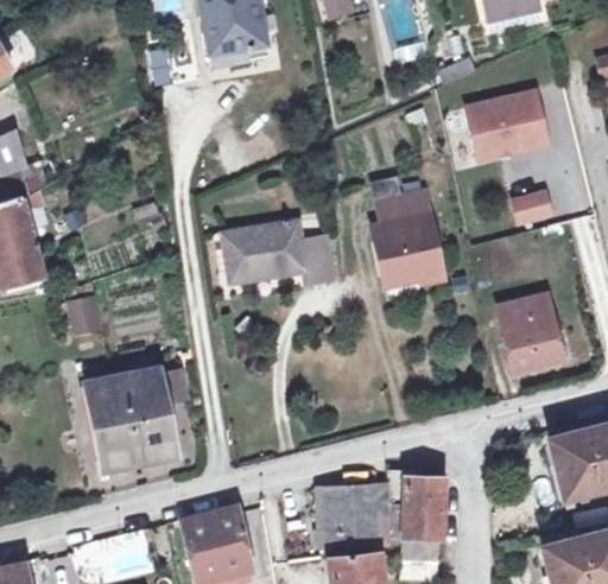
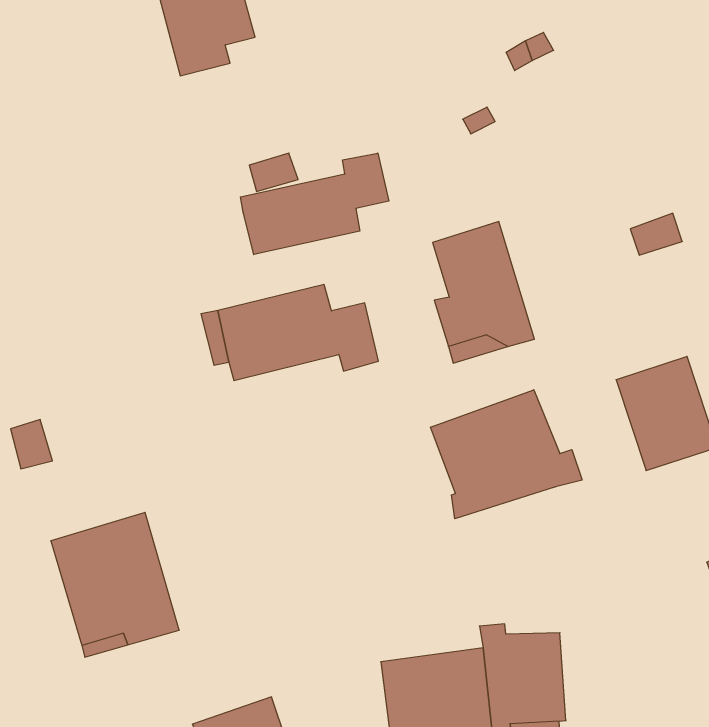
building: [466,90,545,157] -> none
building: none -> [240,153,389,255]
building: none -> [431,390,582,519]

